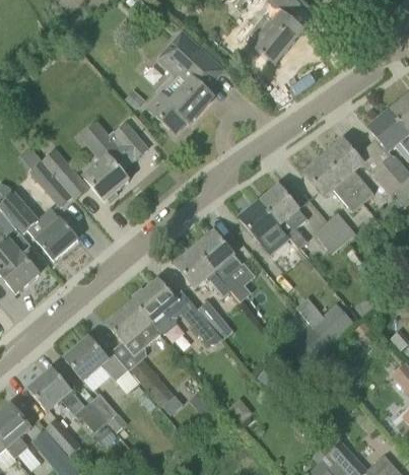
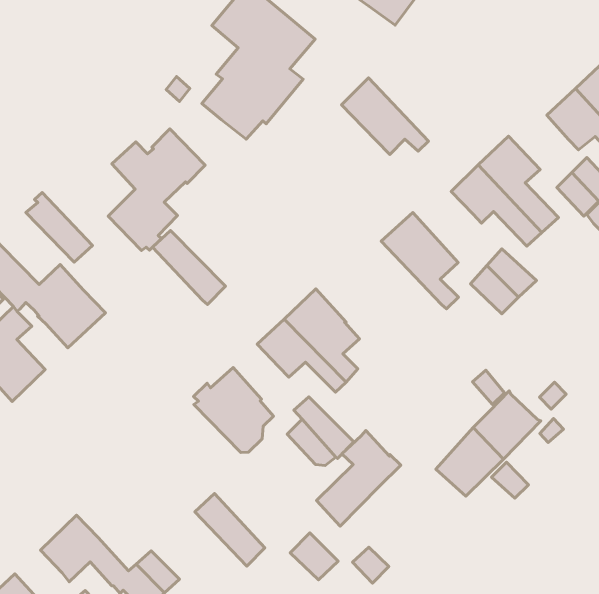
building: [42,149,87,198] -> [152,231,226,304]
building: [240,202,294,252] -> [341,78,429,154]
building: [106,300,160,354] -> none
building: none -> [316,431,401,526]
building: [64,337,127,380] -> none

